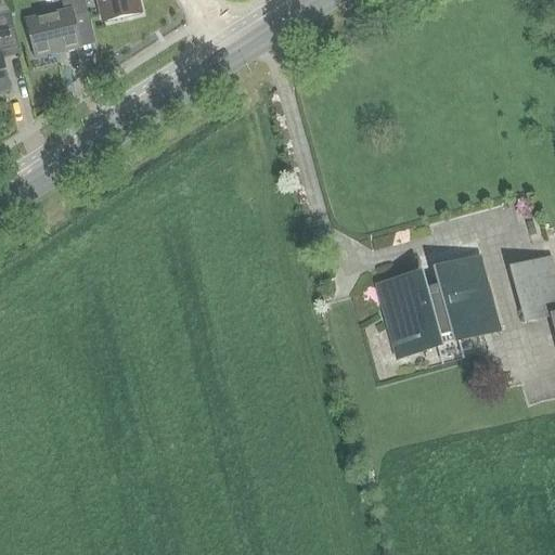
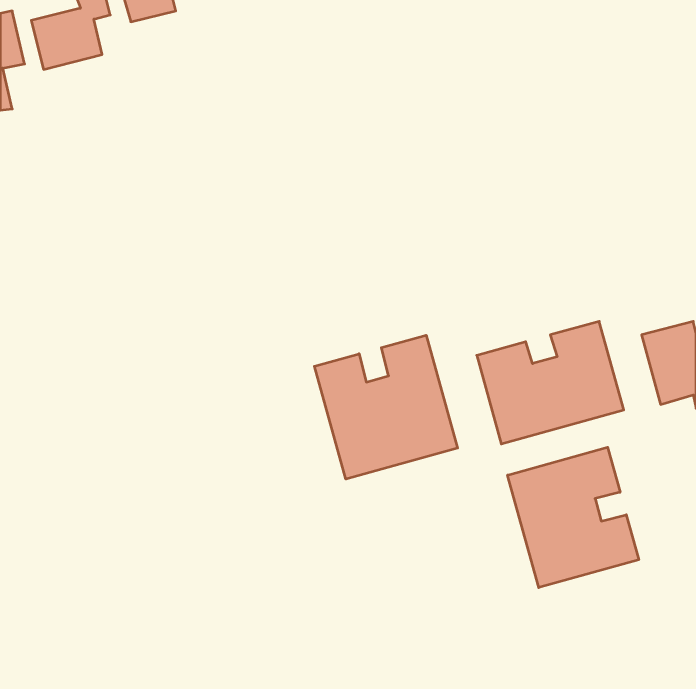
building: none -> [314,335,458,479]
building: none -> [508,447,639,588]

